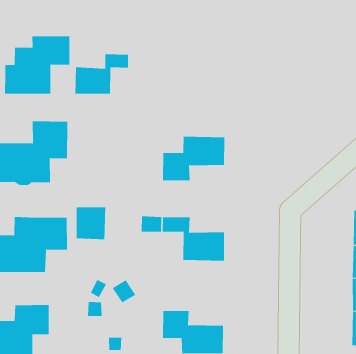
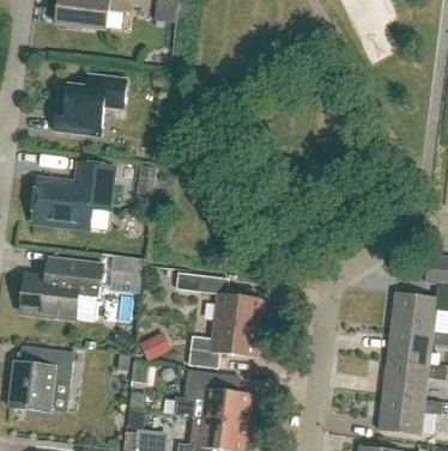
building: [75,54,129,94] -> none
building: [162,136,225,181] -> [189,322,259,368]

